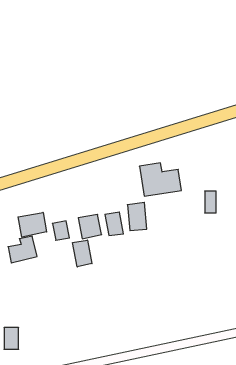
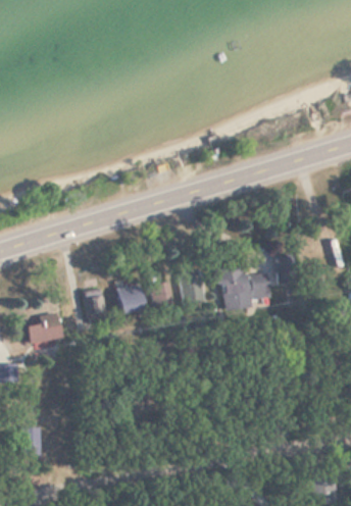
building: [139,163,181,196] -> [218,263,271,305]
building: [18,212,47,237] -> none
building: [73,240,92,267] -> none

